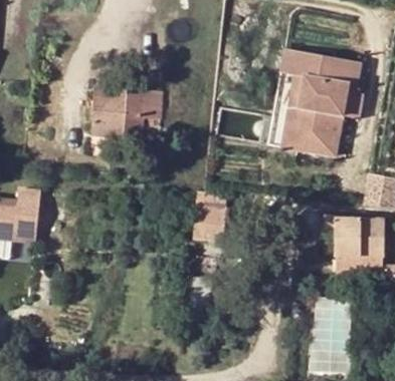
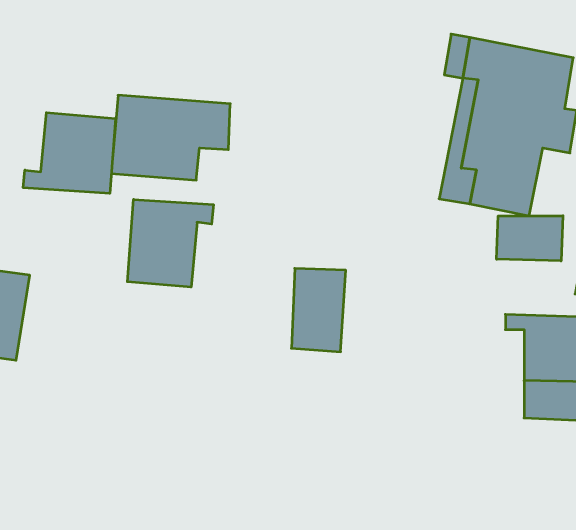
building: none -> [23,113,115,193]
building: none -> [127,199,213,287]
building: none -> [497,216,563,261]

